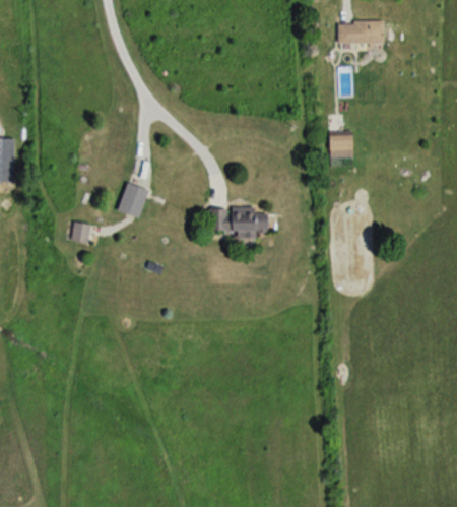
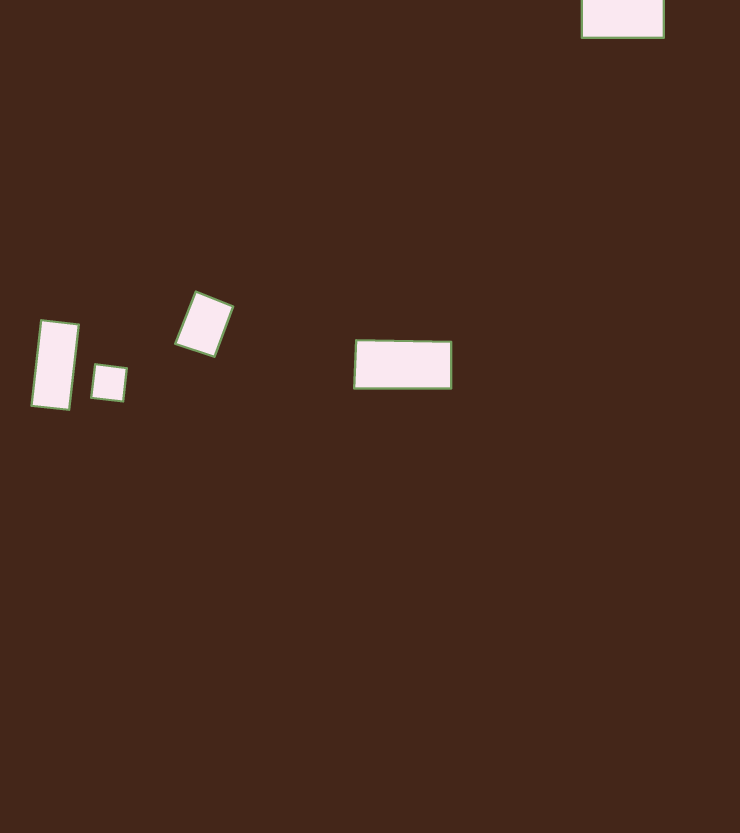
building: [329,135,354,162] -> none
building: none -> [32,320,79,410]

